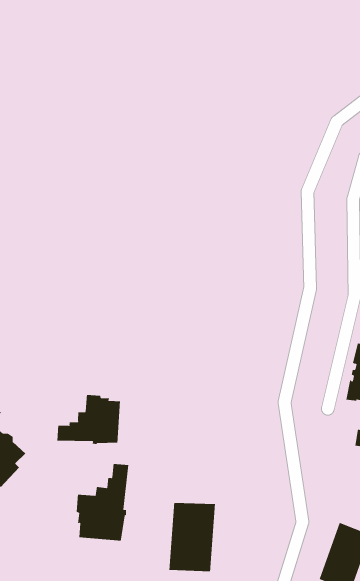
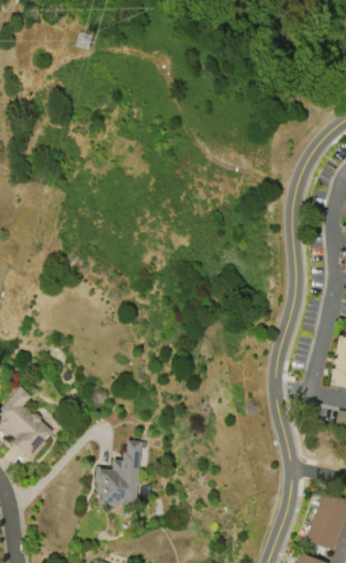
building: [57,394,120,445] -> none
building: [169,502,216,572] -> none

